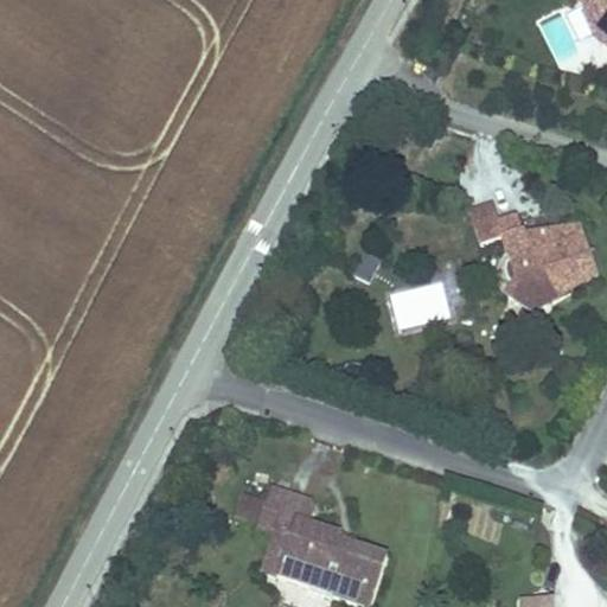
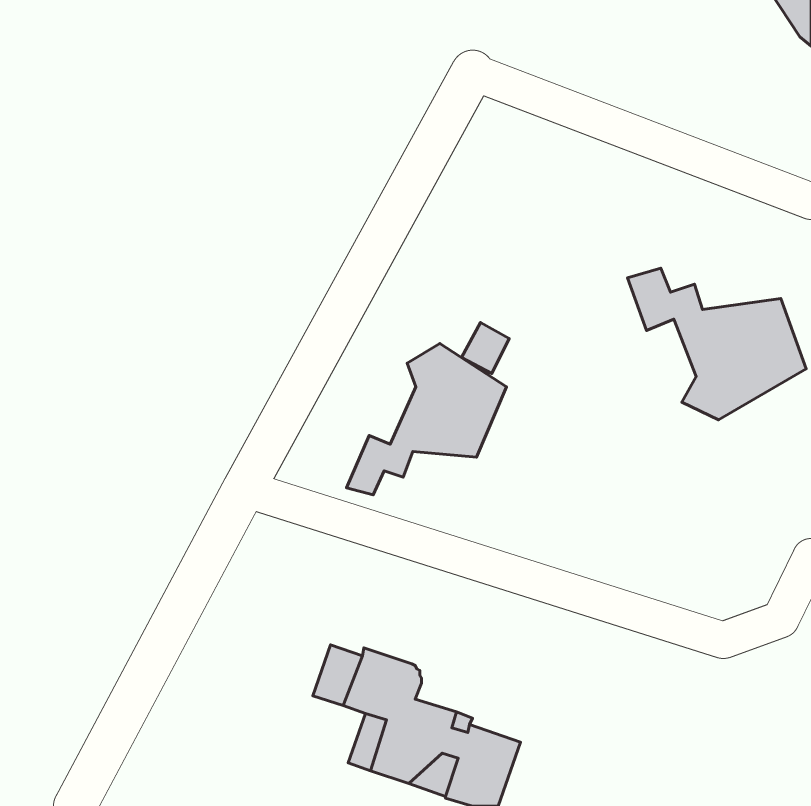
building: none -> [347,343,506,495]

